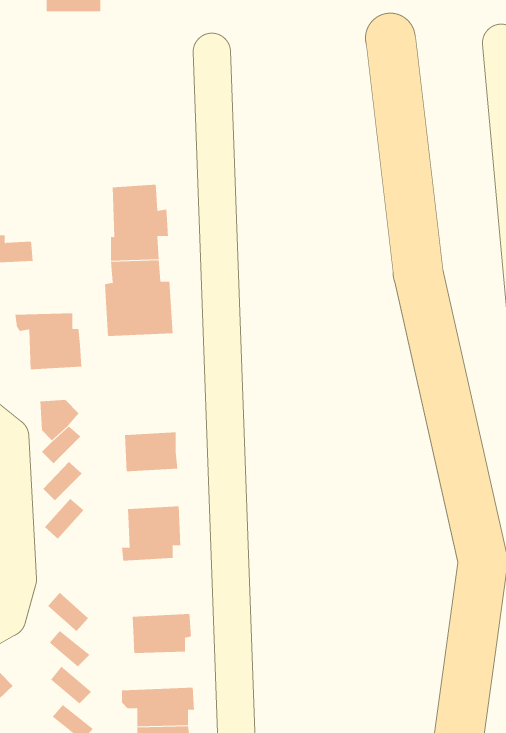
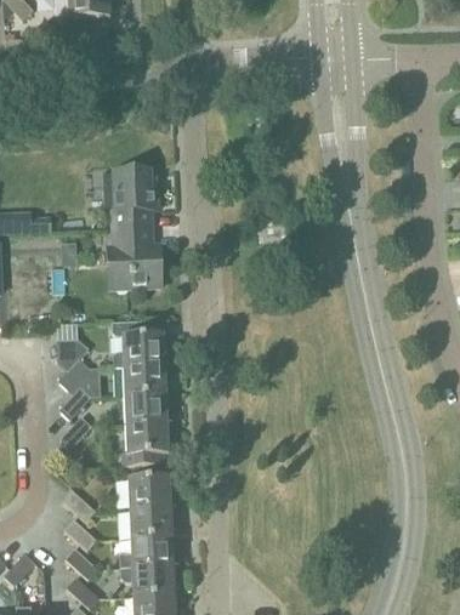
building: [15,313,82,370] -> [110,321,164,366]
building: none -> [124,393,166,425]
building: none -> [127,477,175,509]
building: none -> [119,537,177,568]

